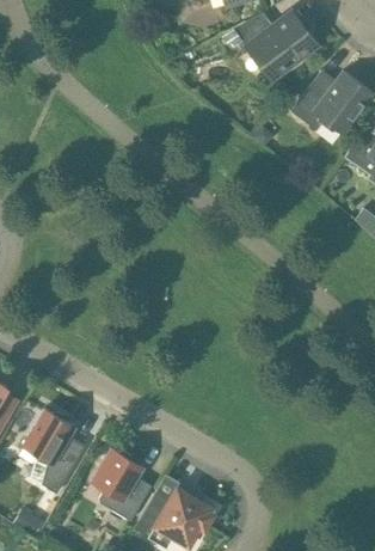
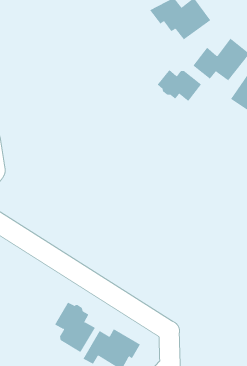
building: none -> [157,69,202,102]
building: [23,410,85,495] -> none

